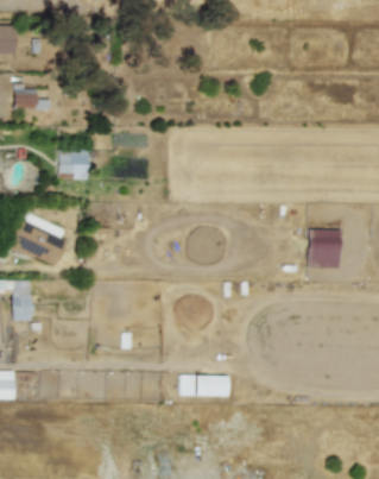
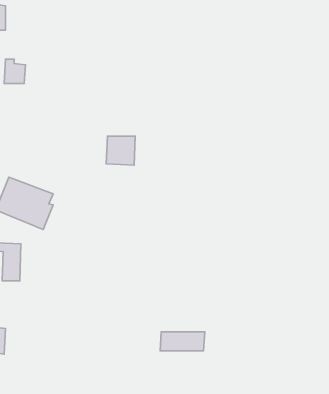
building: [58,150,89,181] -> [106,136,135,165]
building: [309,229,341,269] -> none

